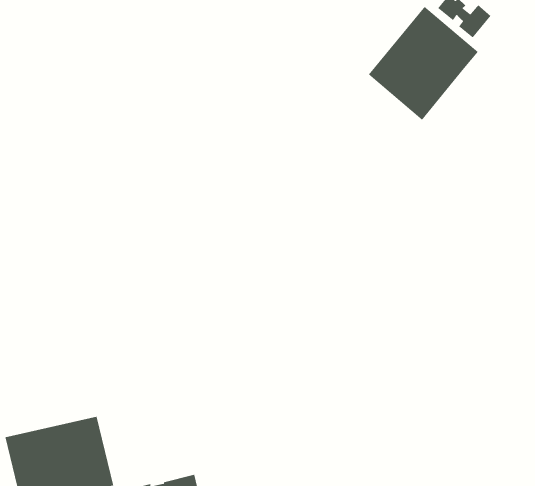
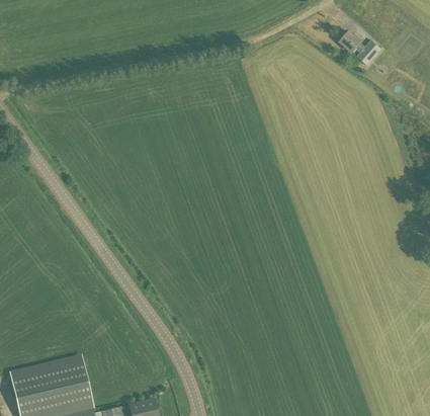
building: [368,6,479,121] -> none

